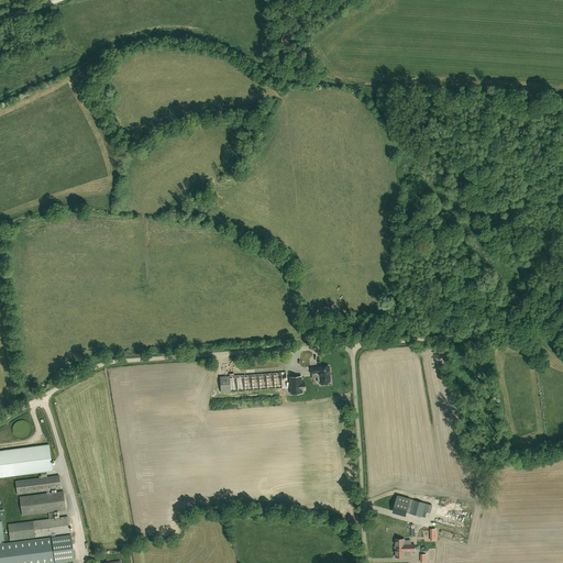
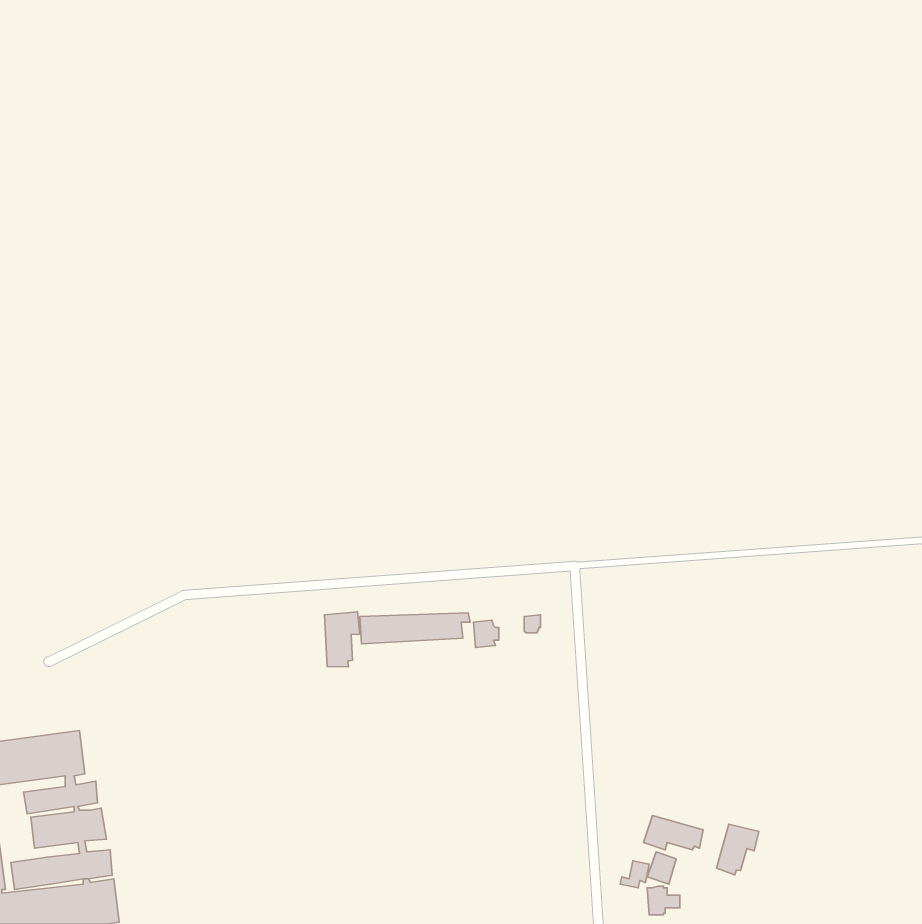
building: none -> [325,612,360,667]
building: none -> [716,824,759,875]

